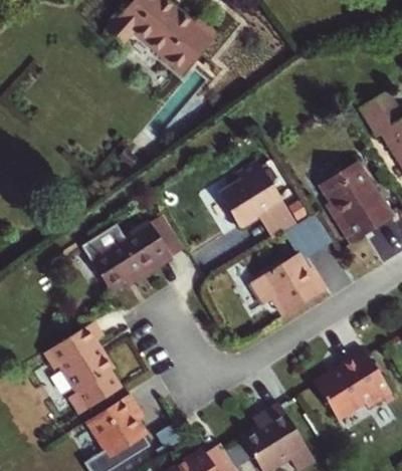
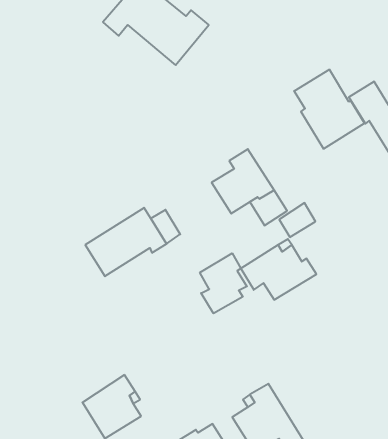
building: [321,162,393,243] -> [294,70,365,149]
building: none -> [200,253,247,313]
building: [44,322,118,413] -> none
building: [315,348,391,419] -> none

